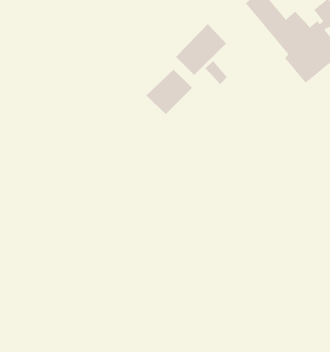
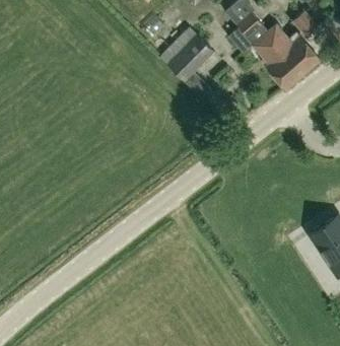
building: [146,69,193,115] -> none

